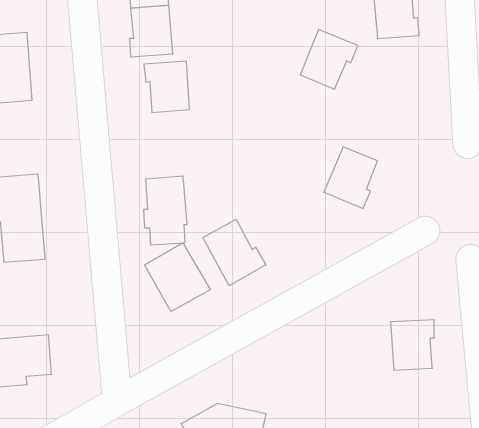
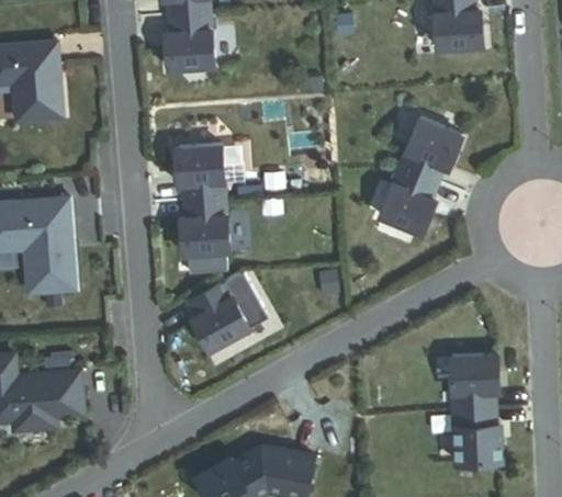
building: [300,29,358,89] -> [400,118,462,183]
building: [144,61,189,113] -> [177,147,226,203]
building: [203,219,266,286] -> none
building: none -> [454,408,504,463]

